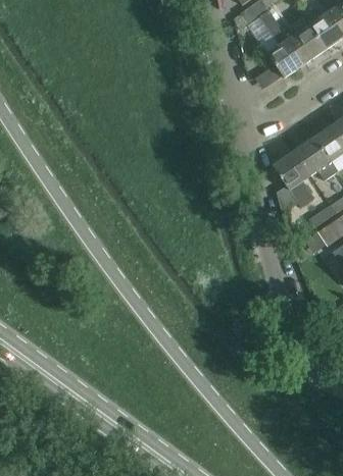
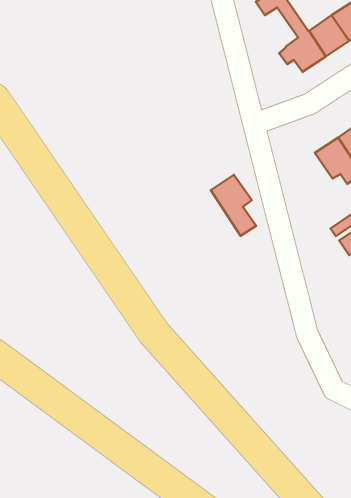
building: [274,151,315,207] -> [211,175,256,236]

